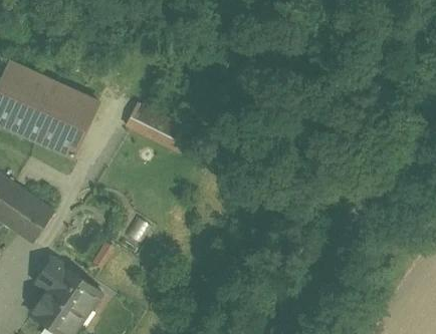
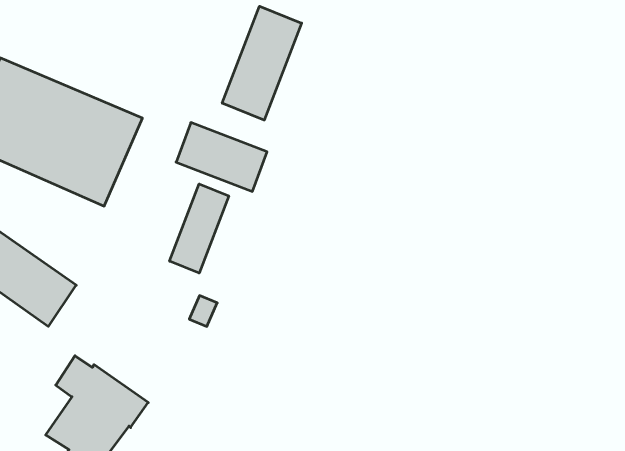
building: none -> [222,6,302,120]
building: none -> [170,184,229,273]

